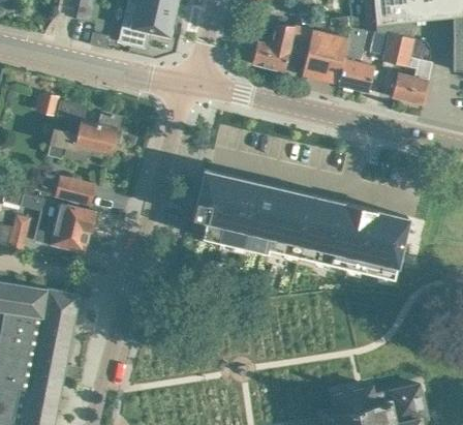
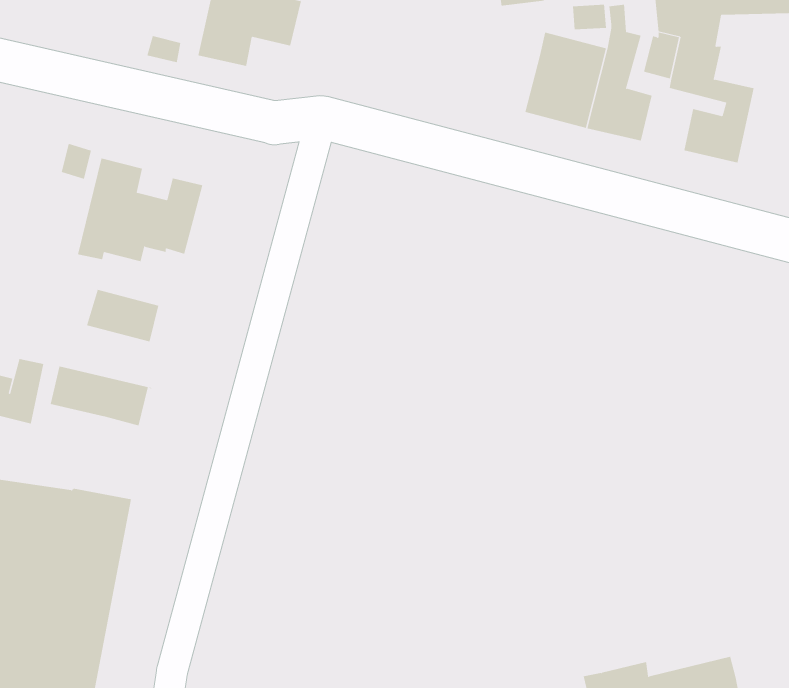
building: [252,24,313,71] -> none
building: [192,169,408,278] -> none
building: [20,193,96,231] -> none

